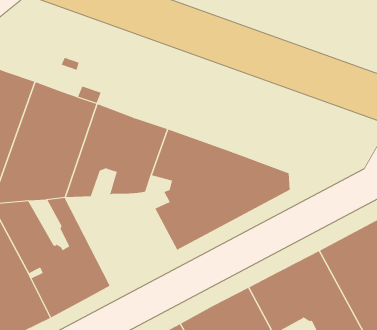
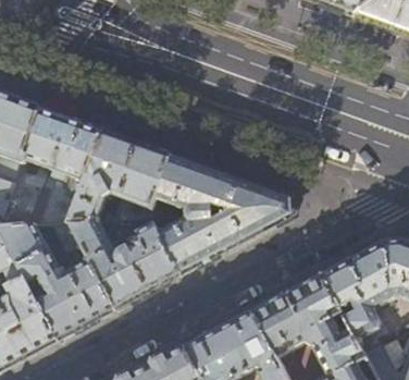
building: none -> [71,214,181,307]

